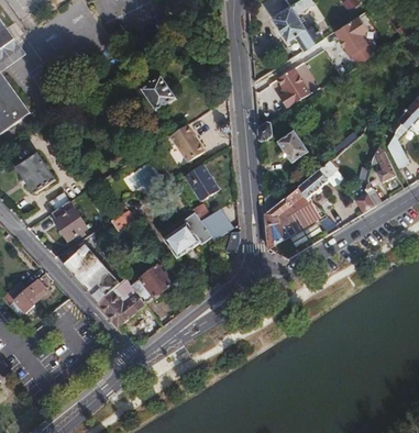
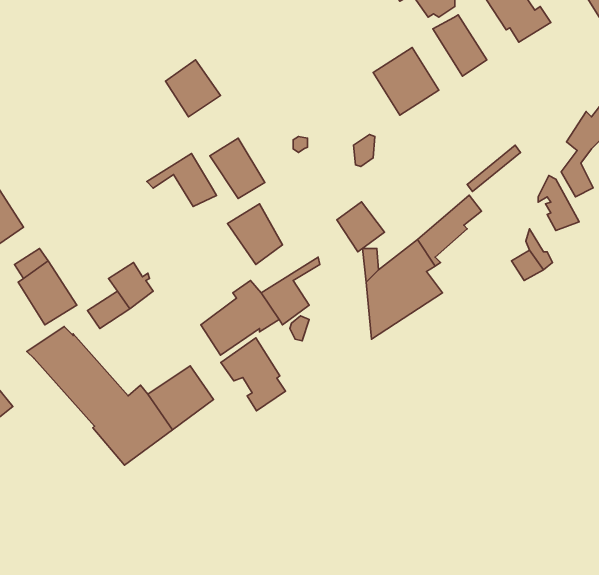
building: none -> [433,15,487,76]
building: [278,132,308,163] -> [337,202,385,252]
building: none -> [147,154,217,207]
building: none -> [221,338,285,411]

